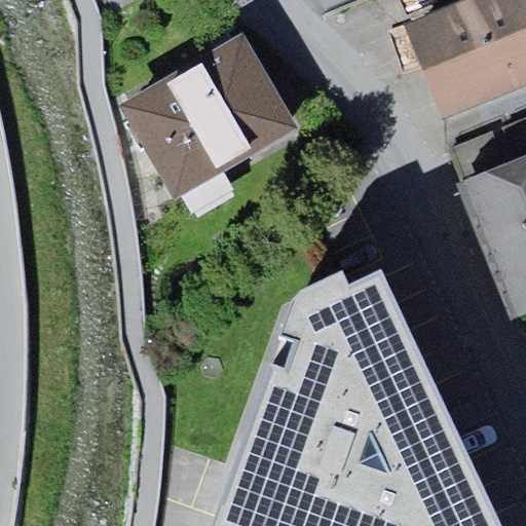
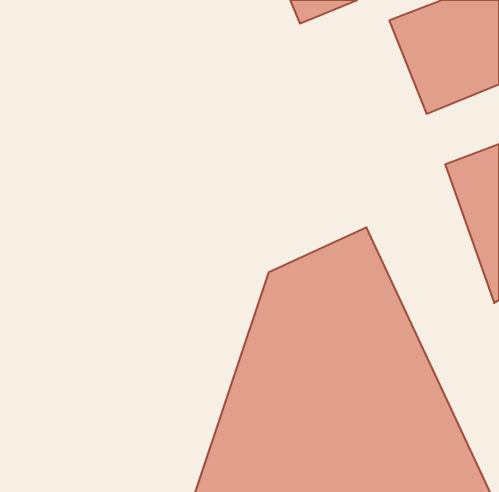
building: [123,35,310,214] -> none

